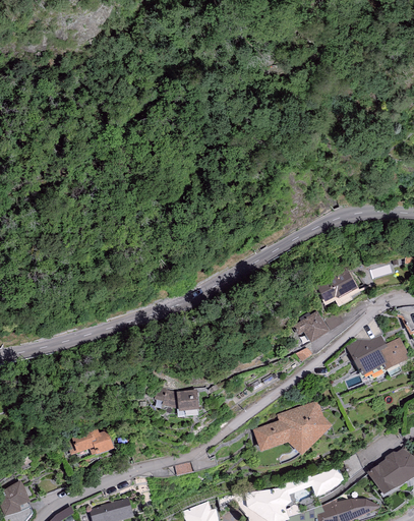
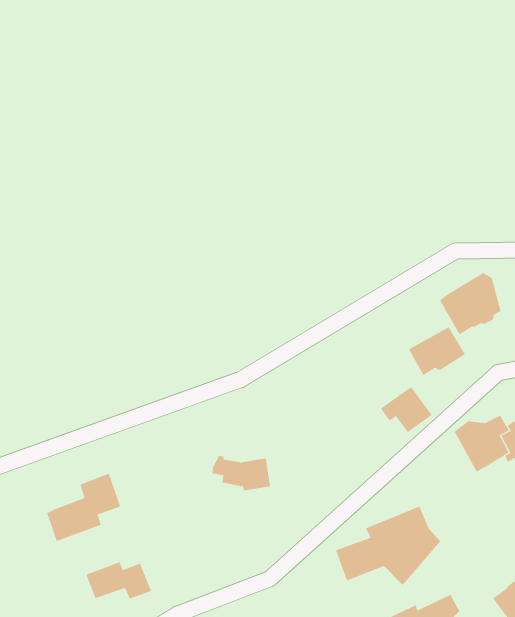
building: none -> [439,272,501,335]
building: none -> [46,473,121,542]
building: [156,385,199,412] -> [211,455,271,491]

